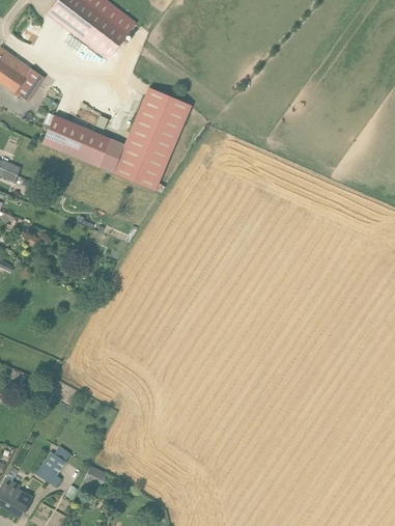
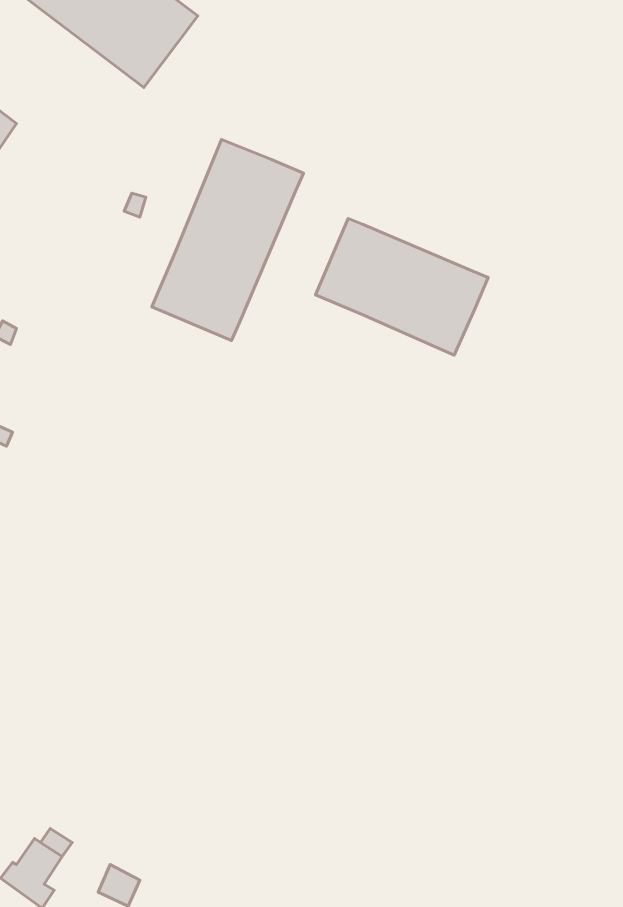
building: [41,115,111,168] -> none
building: none -> [316,218,488,355]

